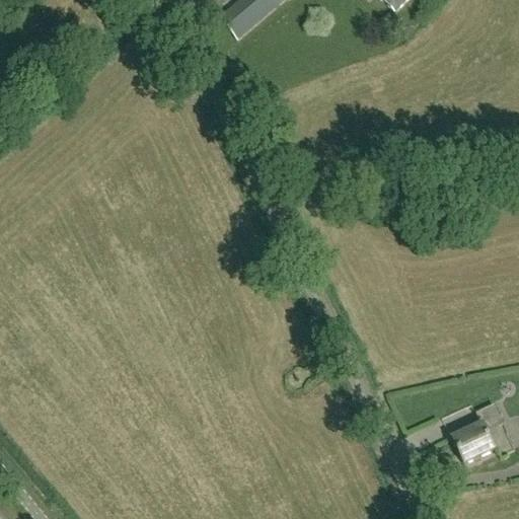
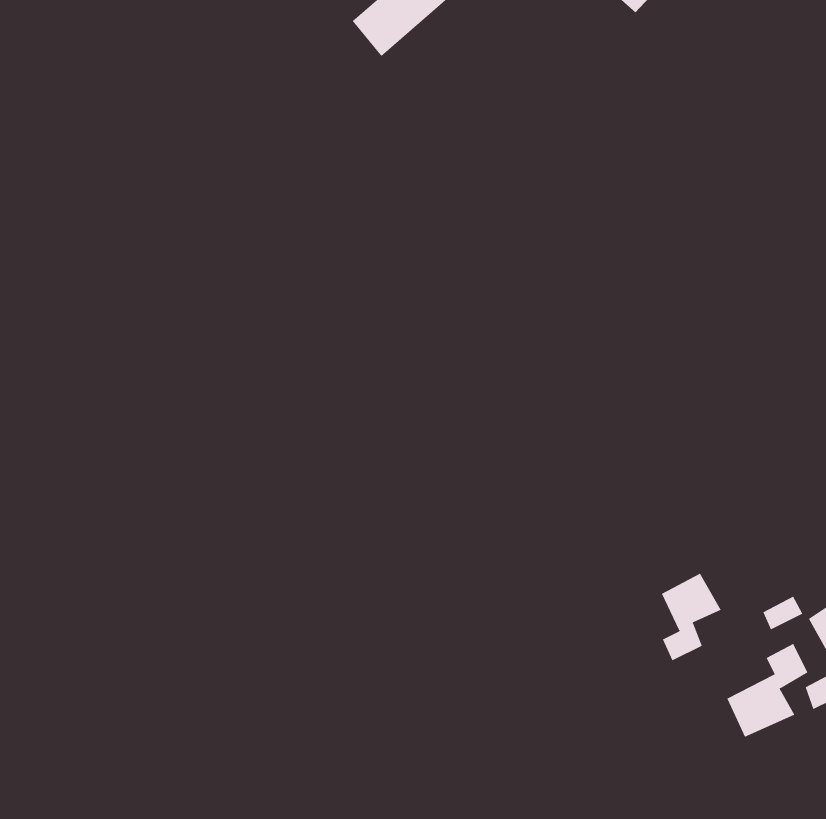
building: none -> [661,573,721,661]

